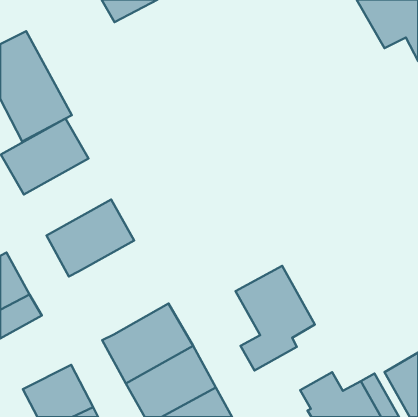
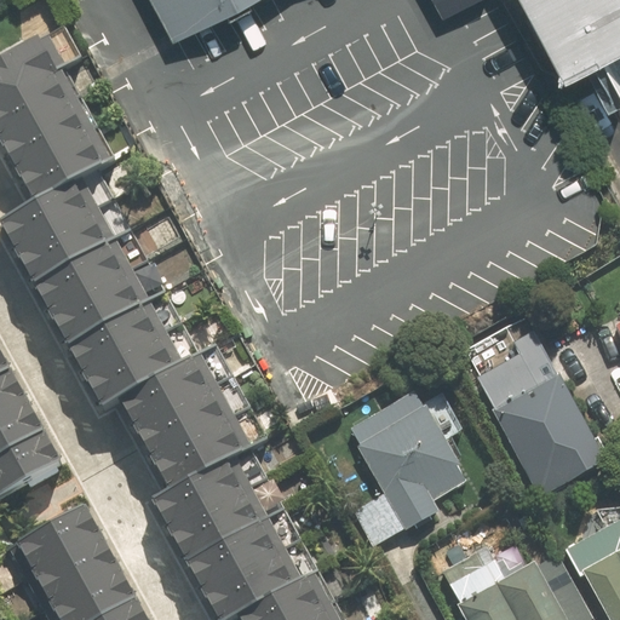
building: none -> [35,235,165,349]
building: none -> [473,333,607,501]
building: none -> [116,348,265,495]
building: none -> [18,509,105,576]

